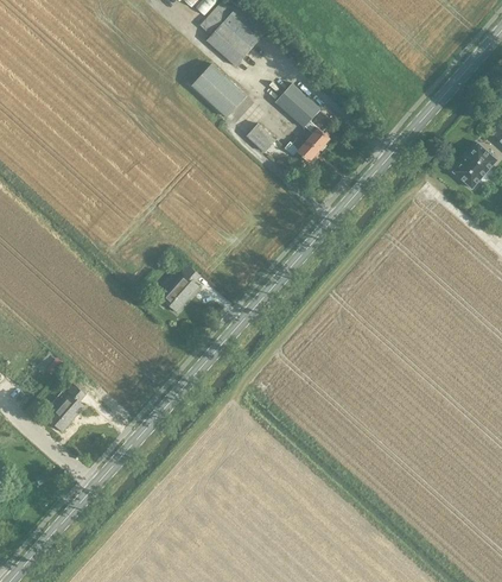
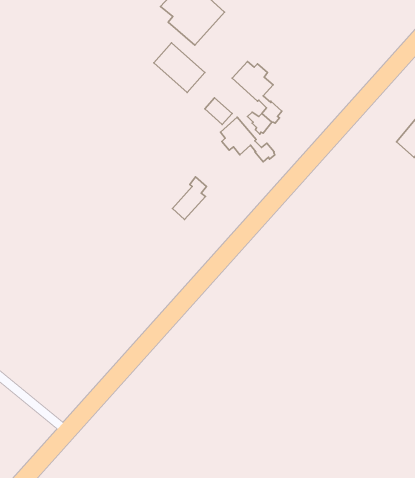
building: none -> [221,117,275,162]
building: [164,265,201,311] -> [172,177,207,220]
building: [49,385,87,430] -> none

